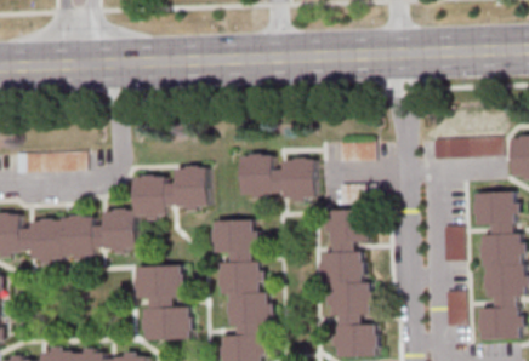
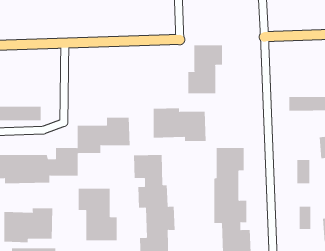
building: none -> [188,44,223,94]
building: none -> [4,208,53,243]

